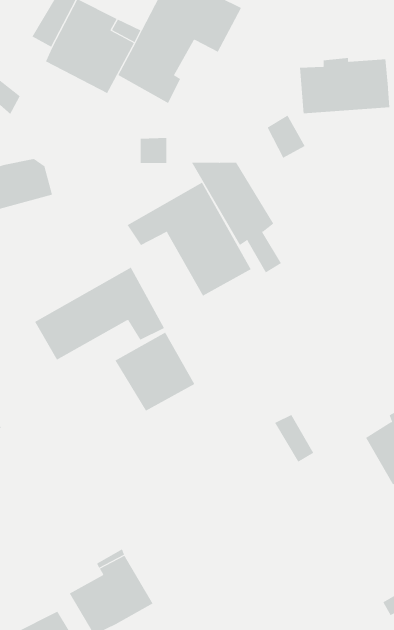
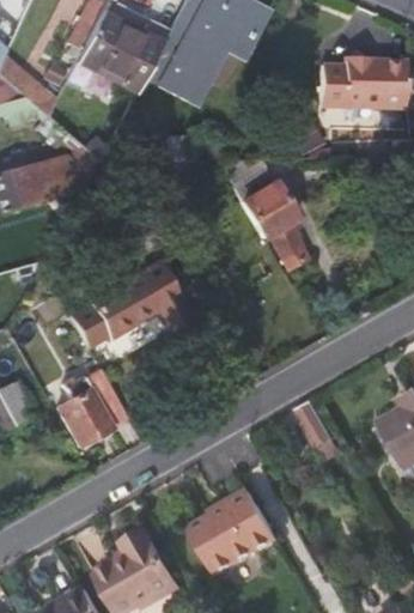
building: [127,182,252,296] -> none
building: [114,332,195,411] -> [50,368,128,444]
building: none -> [191,492,282,577]

